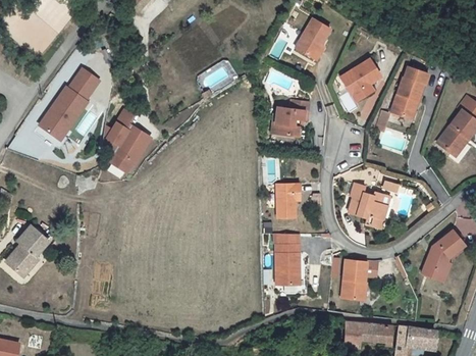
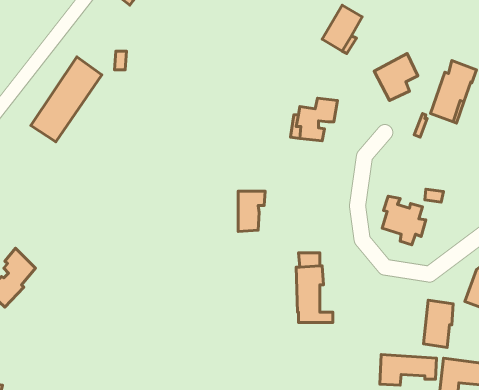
building: [101,110,150,171] -> none
building: [275,182,299,216] -> [238,191,265,231]
building: [339,259,365,300] -> [424,300,453,347]

